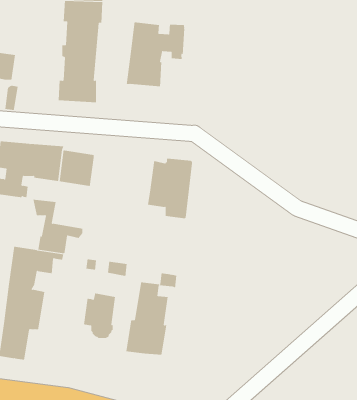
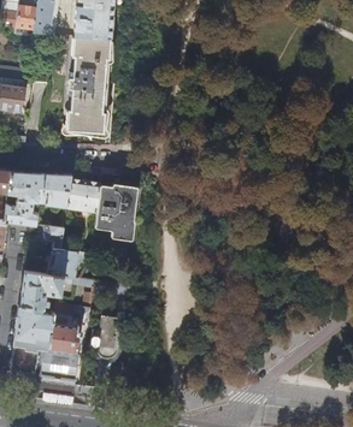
building: [126,22,185,87] -> none
building: [147,158,193,219] -> [95,184,139,242]
building: [125,273,177,355] -> [40,306,89,384]

